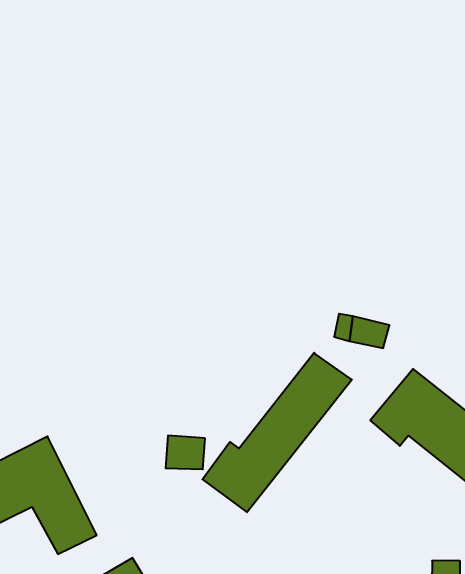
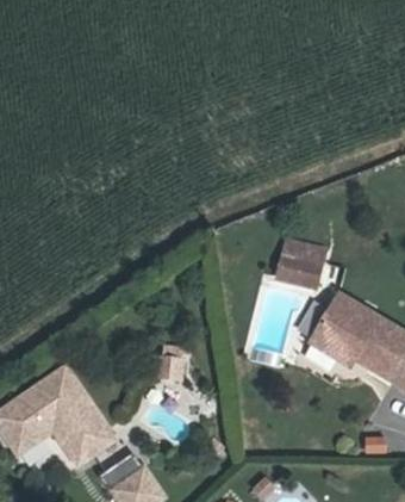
building: [202,353,352,512] -> none

